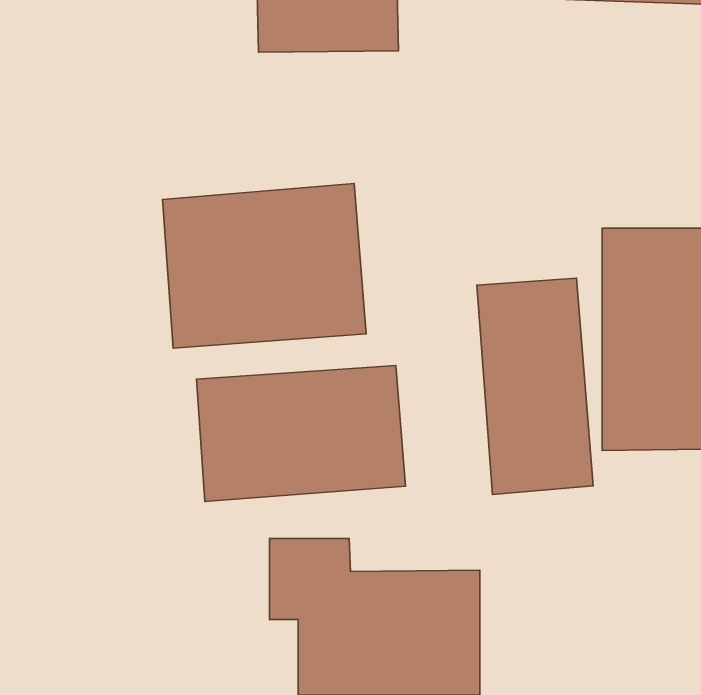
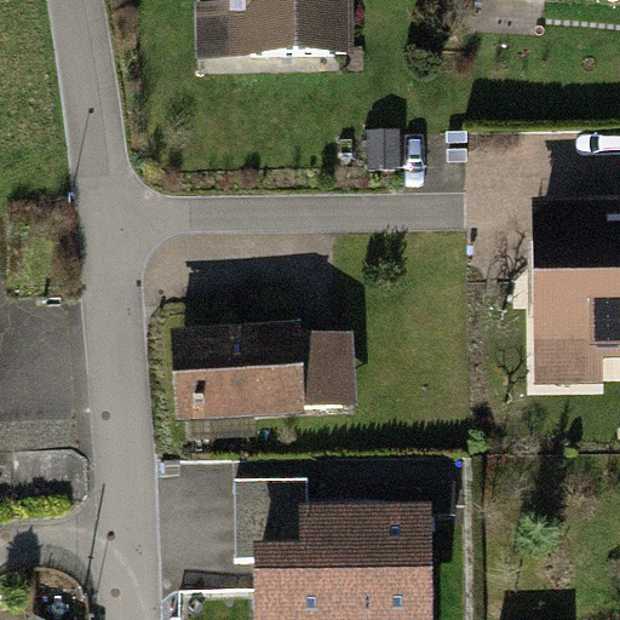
building: [162,184,366,348] -> none
building: [477,278,593,495] -> none

